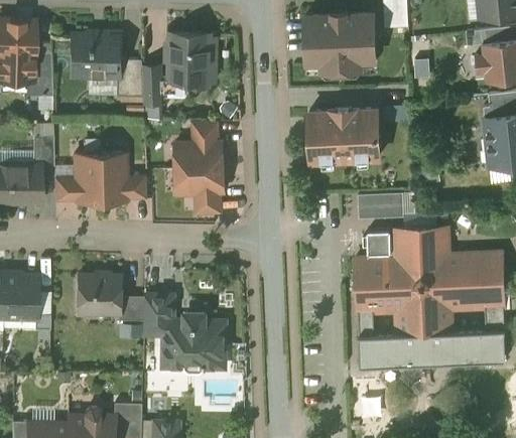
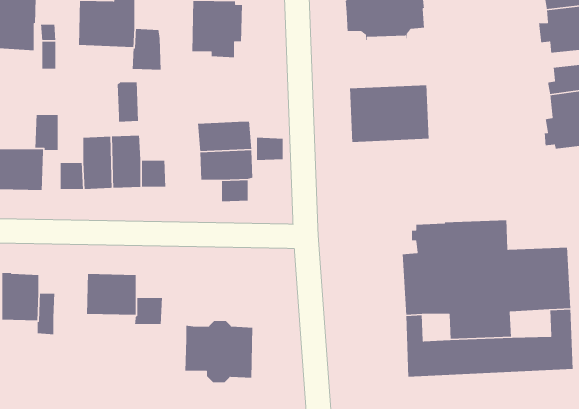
building: [142,67,161,104] -> [117,81,139,123]
building: [192,122,217,143] -> [256,137,283,161]
building: [357,193,404,220] -> none
building: [143,297,171,334] -> none

